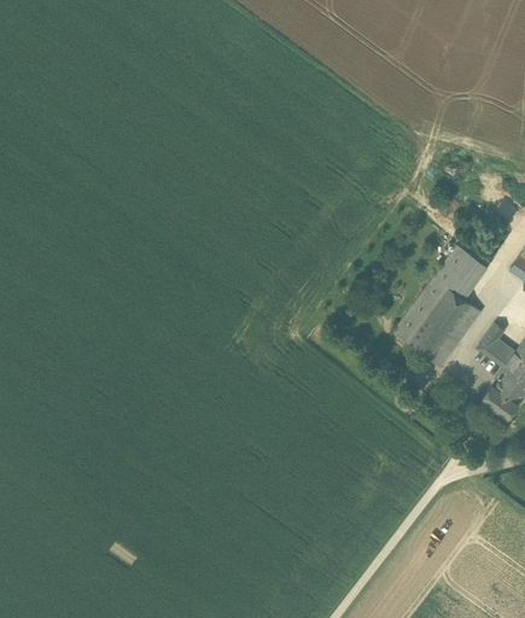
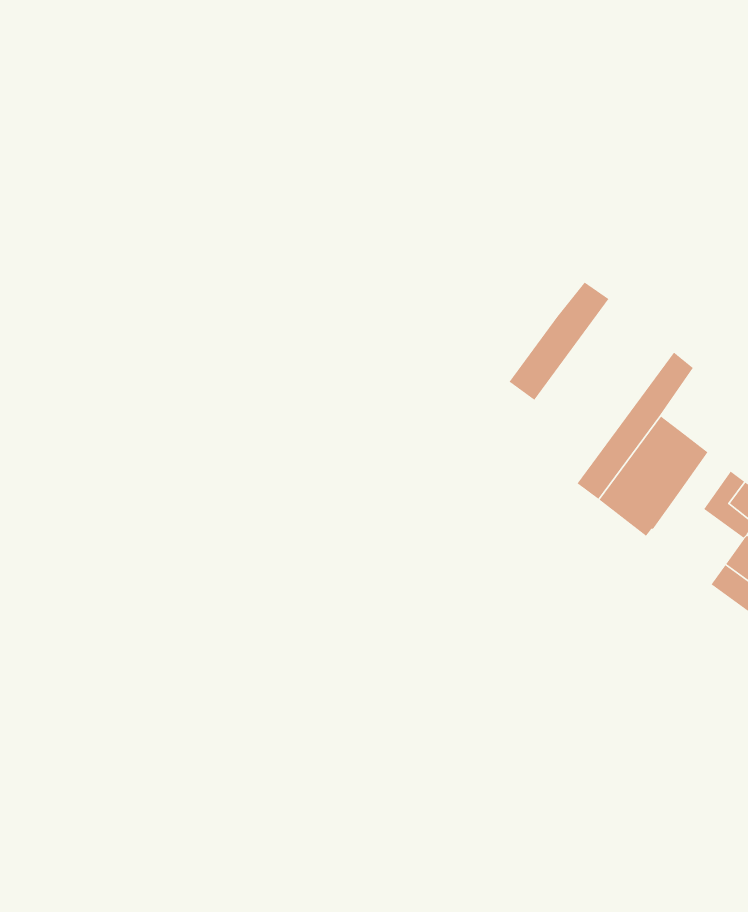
building: none -> [509,282,609,401]
building: [449,256,488,299] -> none

